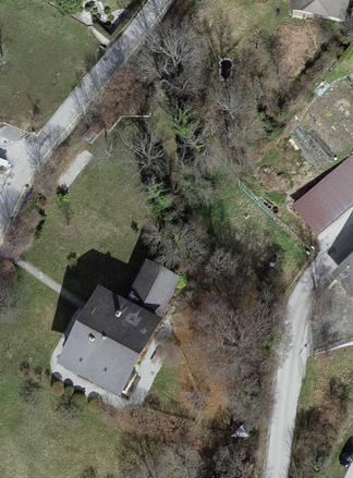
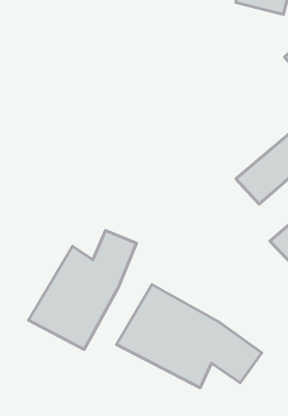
building: none -> [117,284,262,388]

